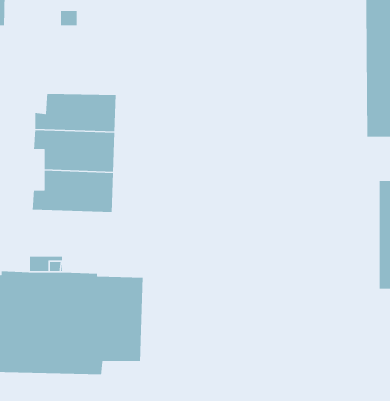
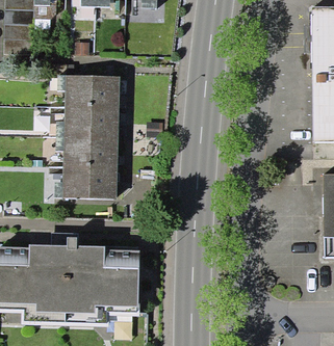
building: none -> [57,75,121,108]

